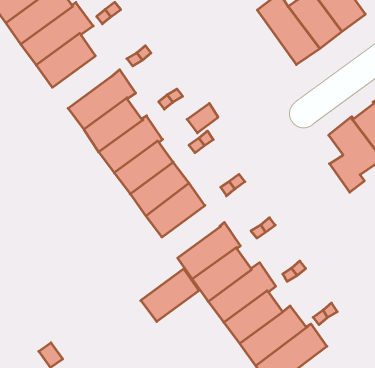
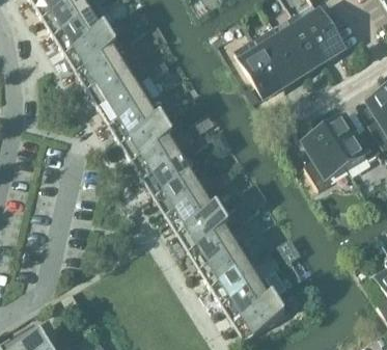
building: none -> [242,37,283,96]
building: none -> [87,64,135,105]
building: [141,269,200,322] -> [166,190,214,231]

